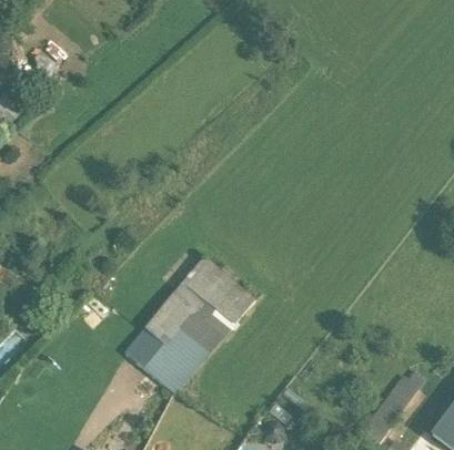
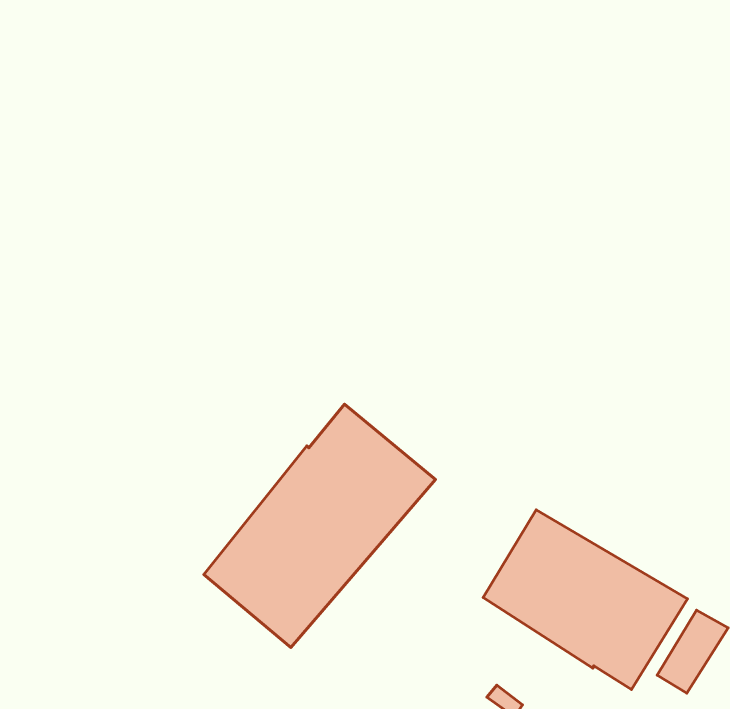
building: none -> [483,510,687,689]

